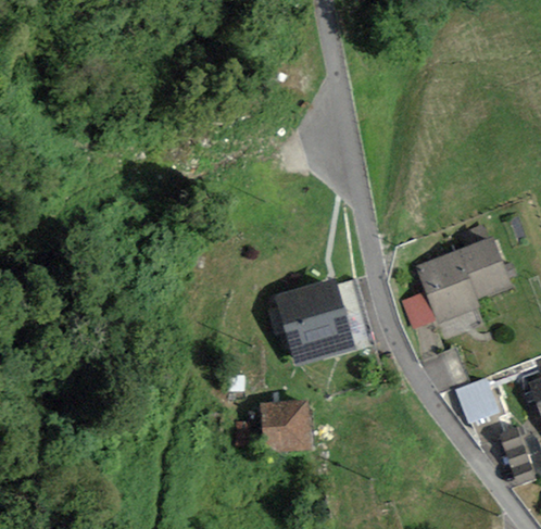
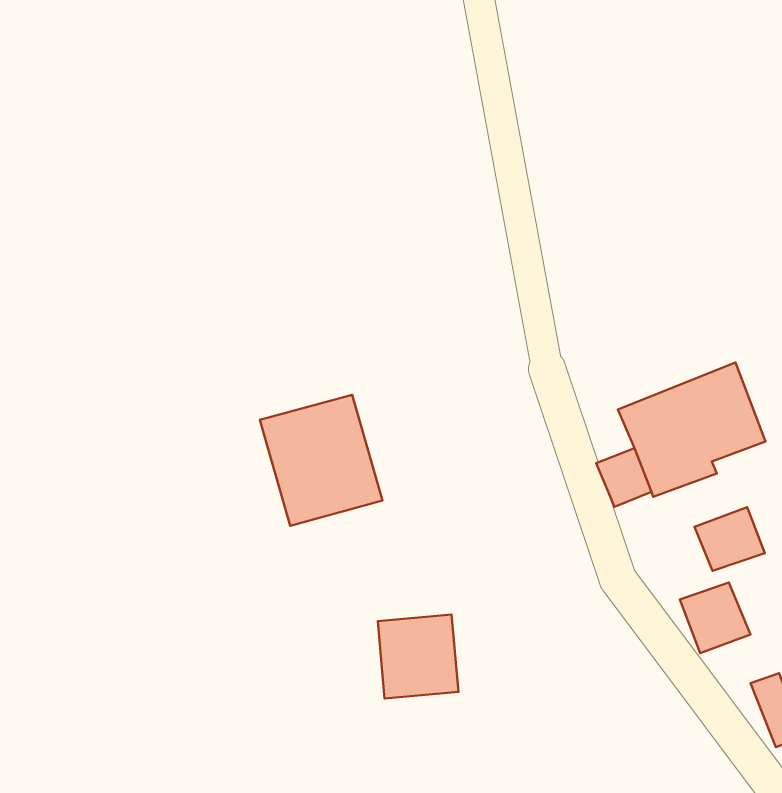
building: [276,280,355,365] -> [260,395,382,526]
building: none -> [695,507,765,571]

